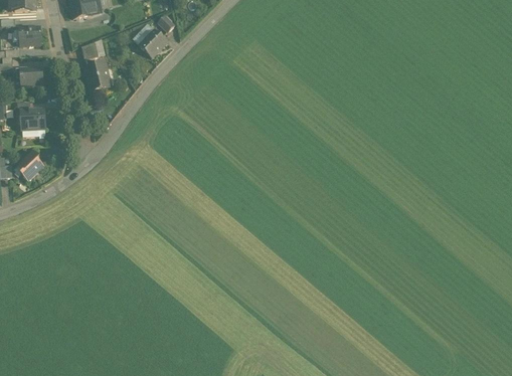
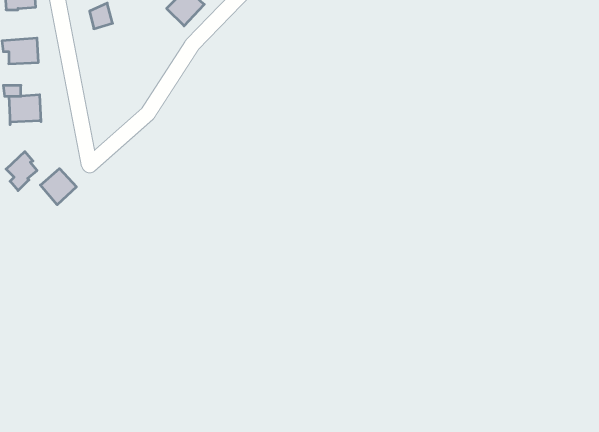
building: [86,62,111,89] -> none
building: none -> [40,169,76,205]

